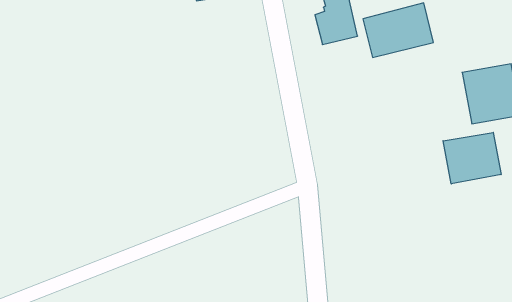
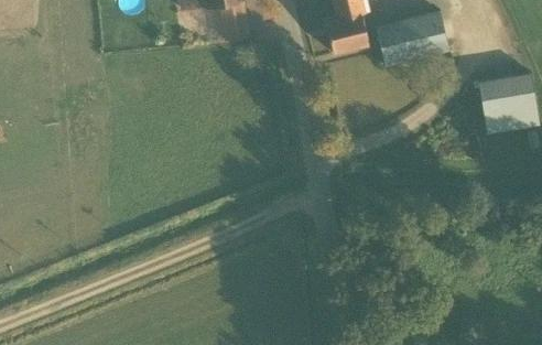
building: [443,132,501,184] -> none

